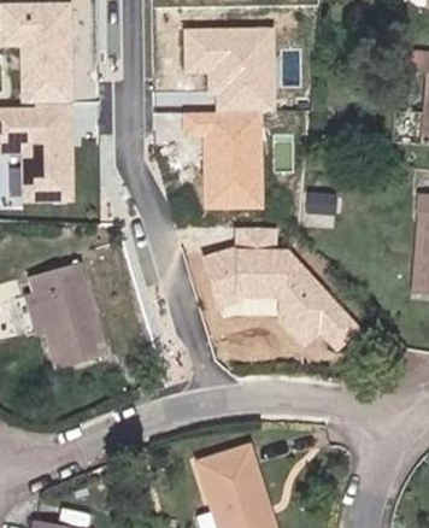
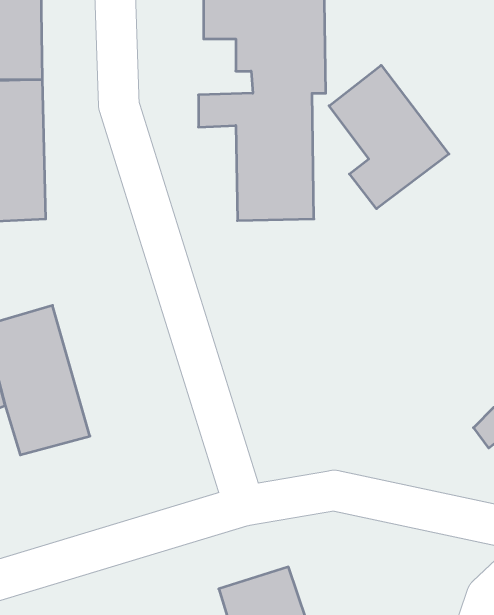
building: none -> [329,65,449,209]
building: [206,225,351,341] -> none

